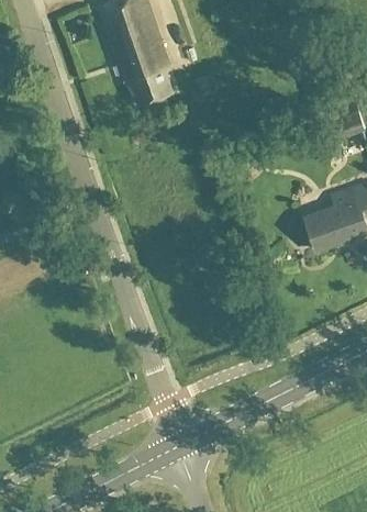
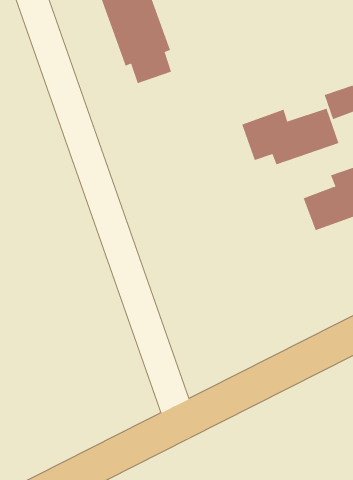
building: none -> [241,108,339,165]

